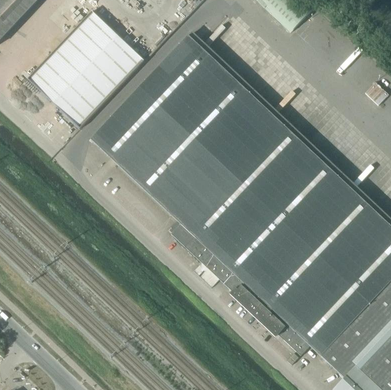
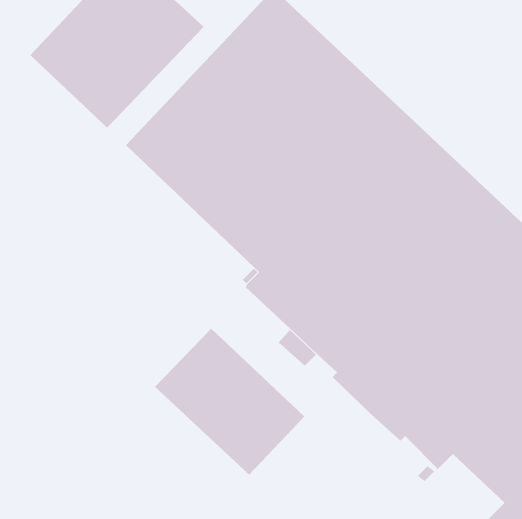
building: none -> [154,328,305,476]

